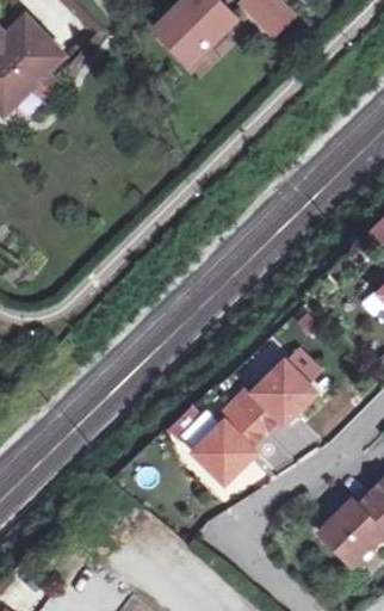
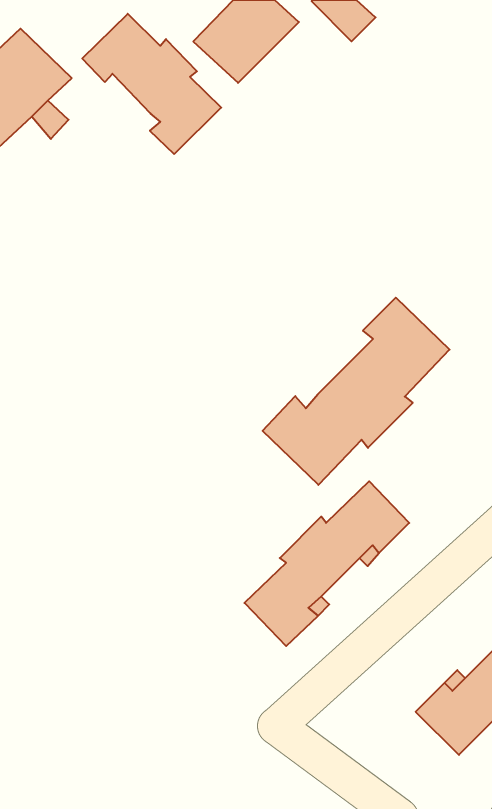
building: none -> [82,14,221,154]
building: none -> [263,298,450,485]

